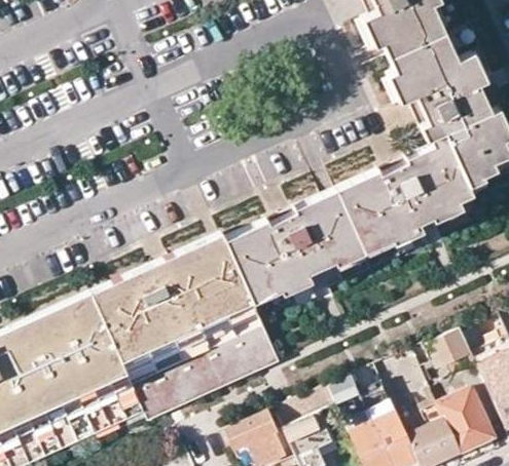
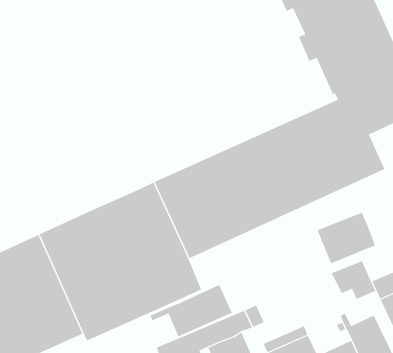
building: none -> [317,212,376,264]
building: none -> [150,284,233,337]

